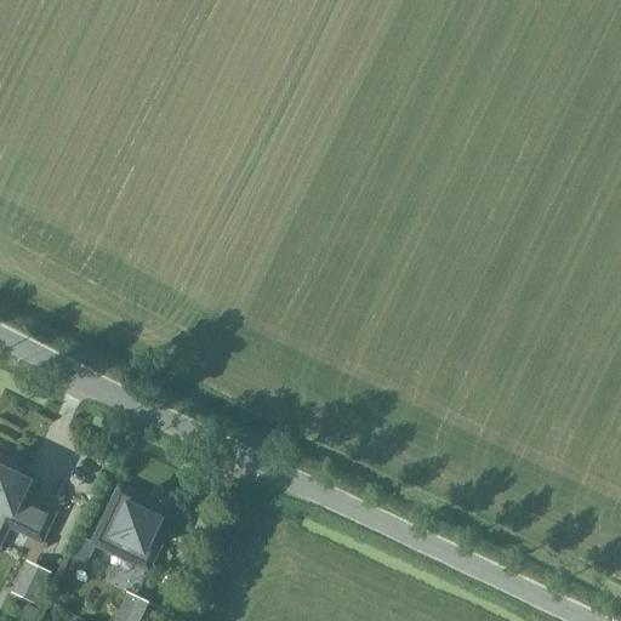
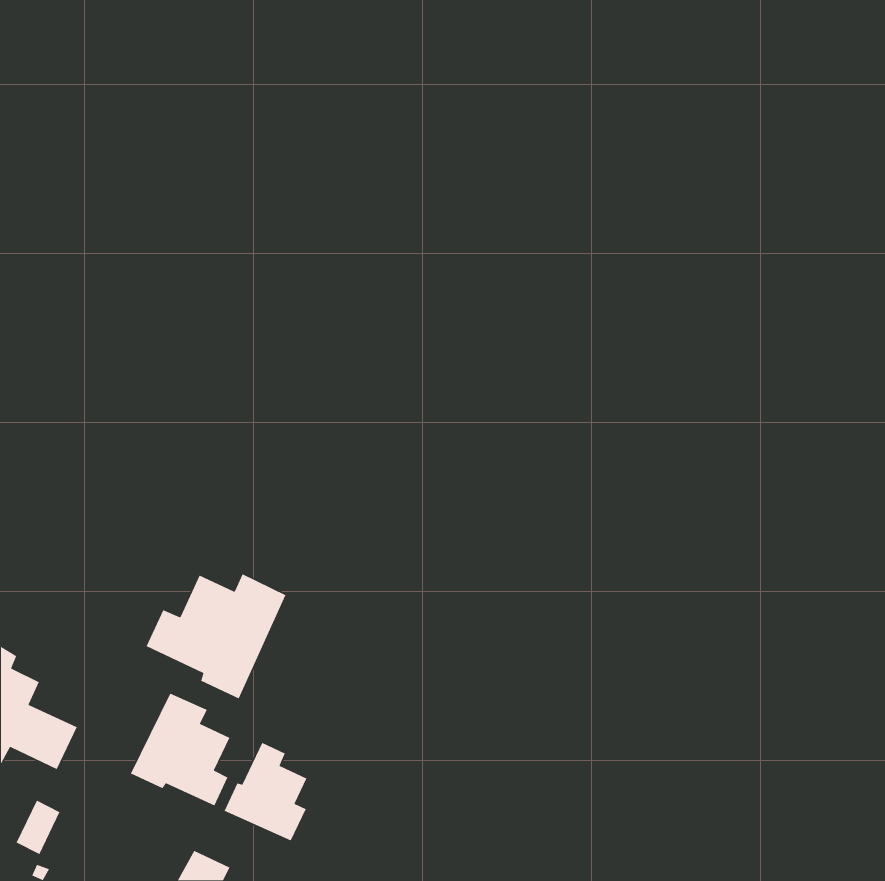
building: none -> [145,573,287,699]
building: none -> [224,742,307,841]

